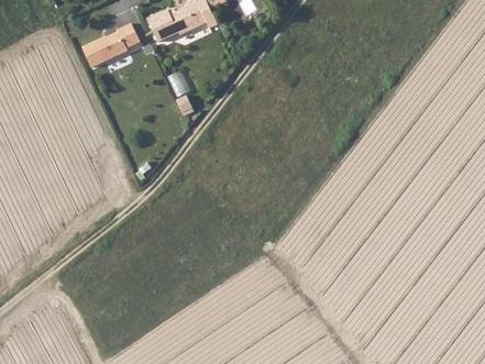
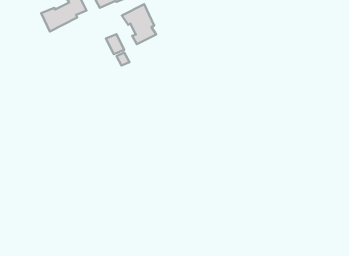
building: none -> [122,4,156,44]

